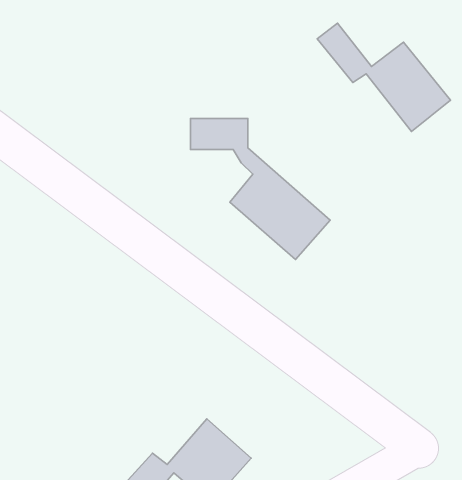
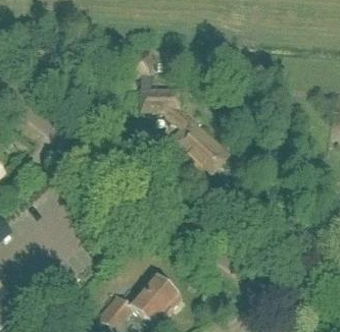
building: [317,23,451,132] -> none

